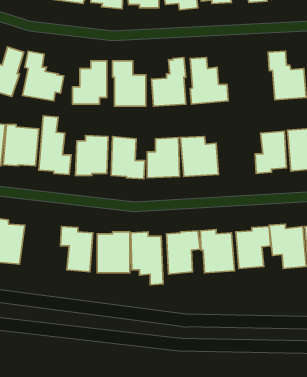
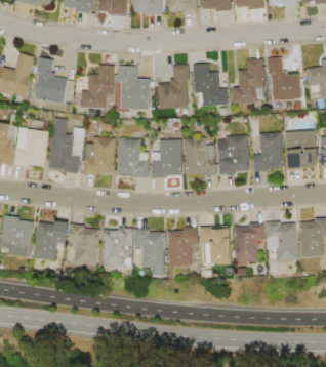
building: none -> [232,57,264,105]
building: none -> [216,134,249,173]
building: none -> [34,221,70,261]

